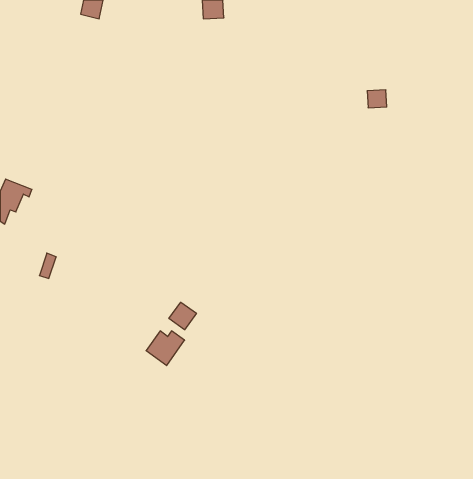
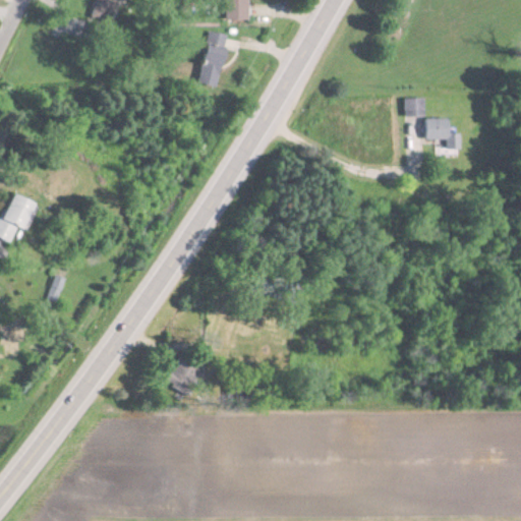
building: none -> [197,32,228,86]
building: none -> [426,118,462,150]
building: [169,302,196,330] -> none

